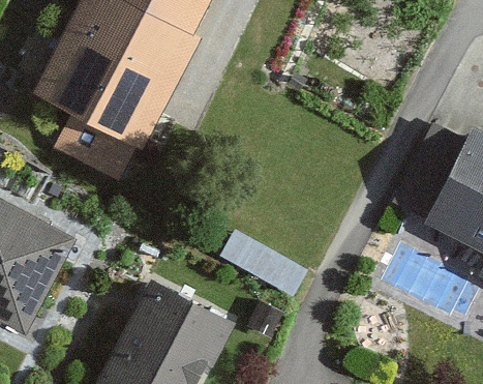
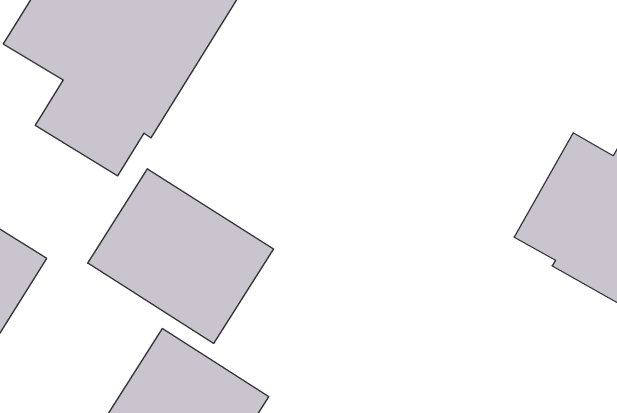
building: none -> [88,169,274,343]

